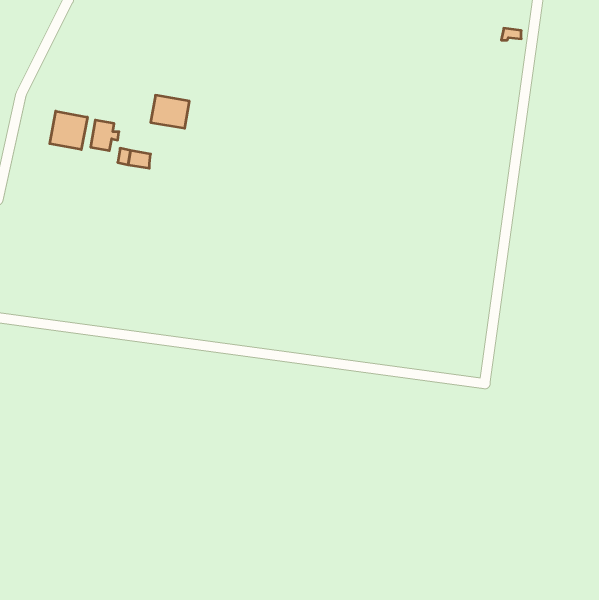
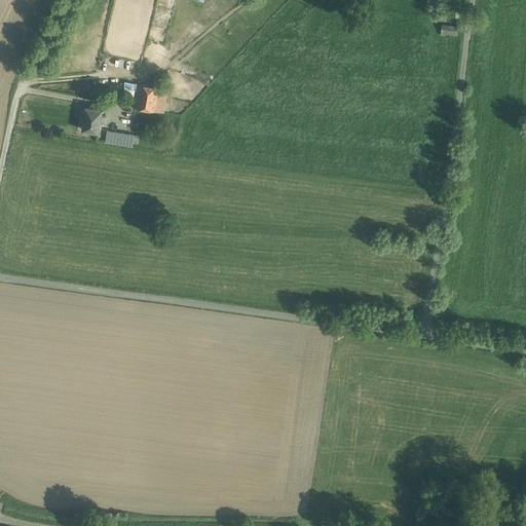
building: [50,111,87,150] -> none

